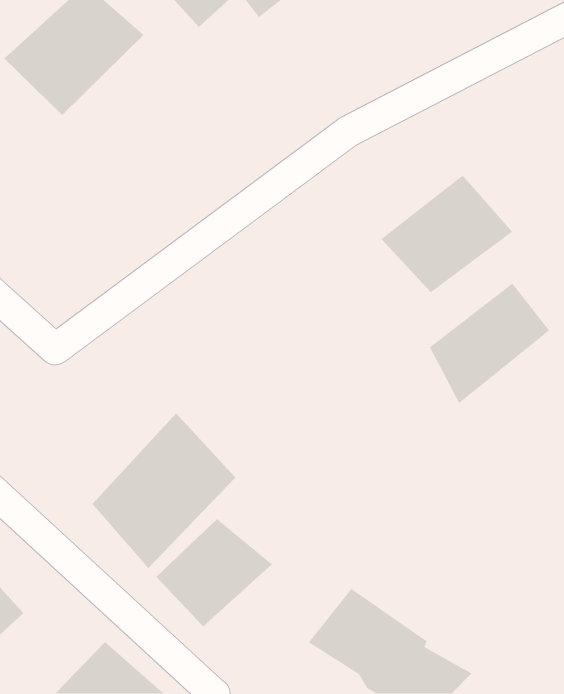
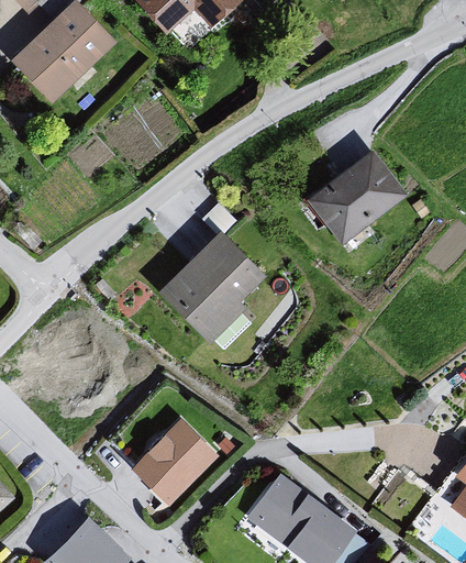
building: none -> [155,232,267,343]
building: [429,282,550,404] -> none
building: [92,412,236,569] -> none

